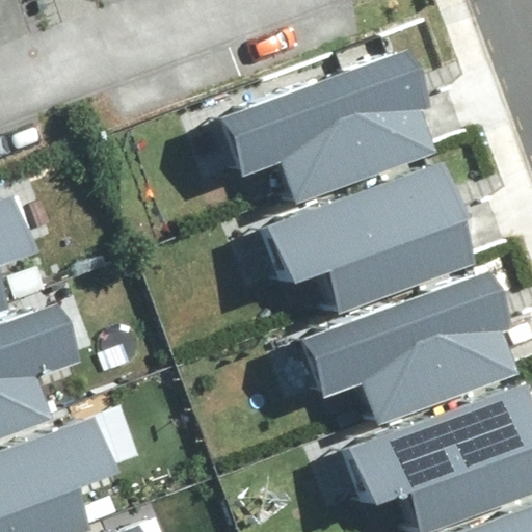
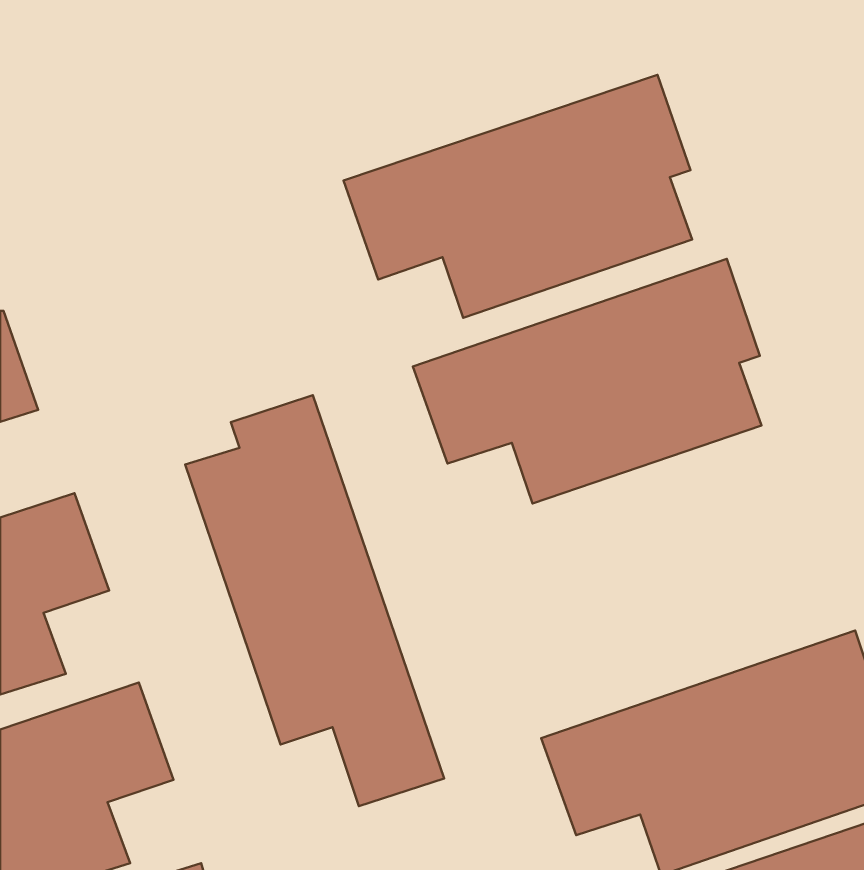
building: none -> [185,395,444,806]
building: [297,272,506,419] -> none

